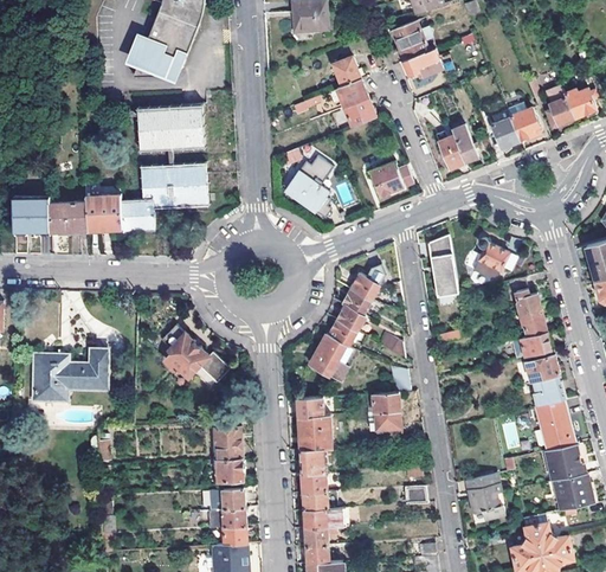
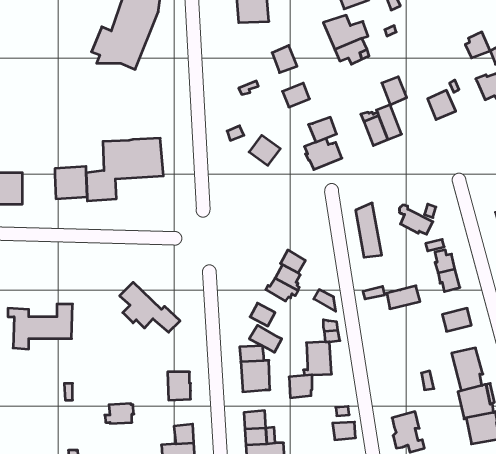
building: [336,81,368,109] -> [308,117,337,142]
building: [546,97,574,127] -> [465,32,490,58]
building: [138,105,207,154] -> none
building: [490,117,518,149] -> [382,77,407,105]
building: [284,172,328,212] -> none
building: [50,204,88,237] -> none
building: [350,265,386,301] -> none
building: [512,332,550,358] -> [387,286,420,309]
building: [316,334,353,365] -> [249,325,282,352]
building: [531,374,563,406] -> none
building: [299,448,325,474] -> [289,375,312,398]
building: [211,458,244,481] -> [105,404,134,423]

